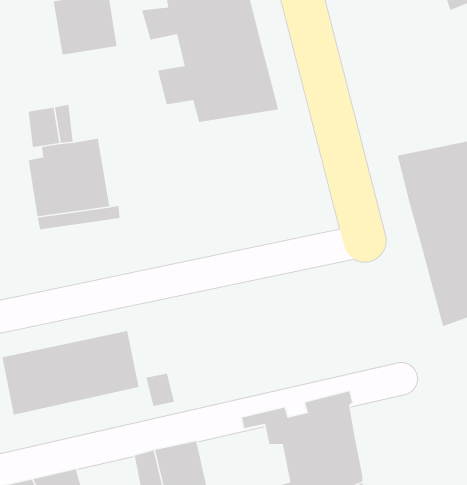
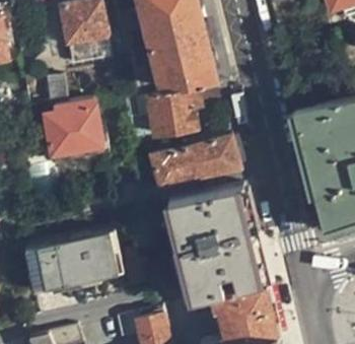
building: none -> [67,37,110,64]
building: none -> [147,89,200,135]
building: none -> [152,135,239,187]
building: none -> [169,186,266,292]

